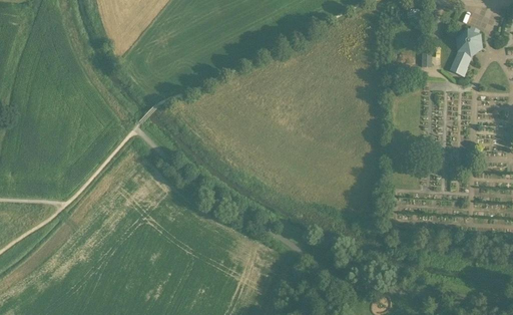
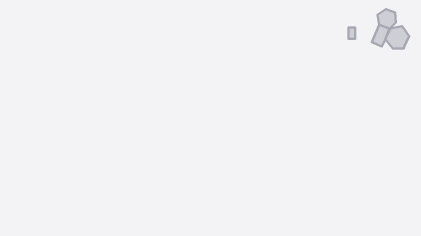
building: none -> [385,26,409,48]

